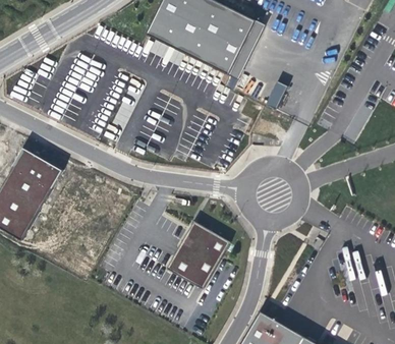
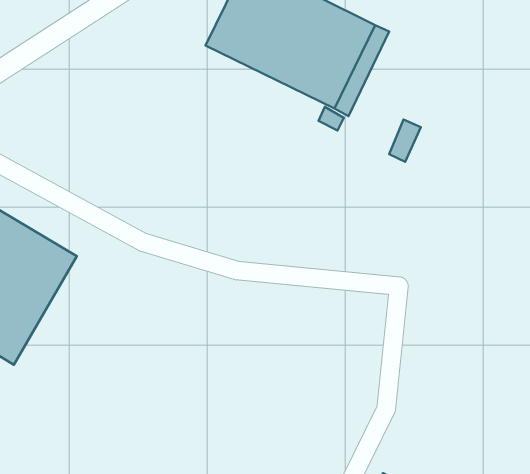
building: [164,222,227,290] -> none

